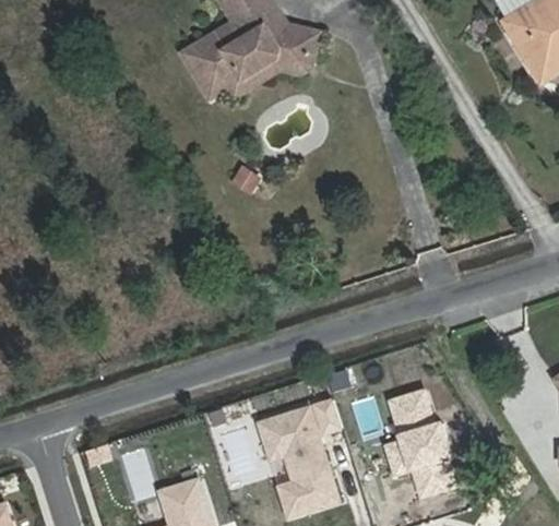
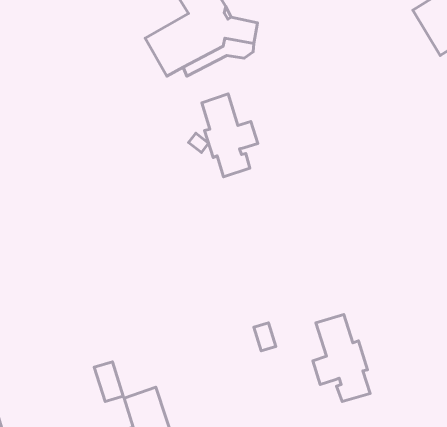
building: none -> [202,94,258,177]
building: [257,405,337,515] -> none

